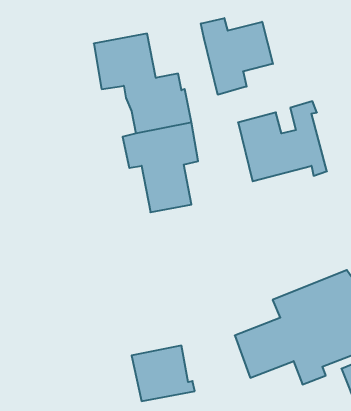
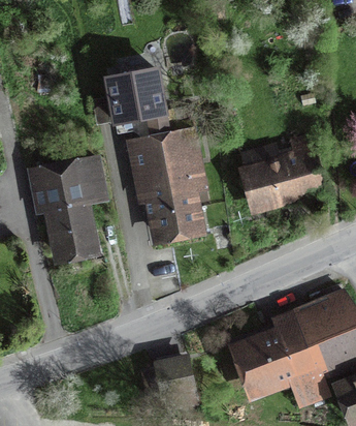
building: [201,18,273,95] -> none
building: none -> [34,144,105,257]

